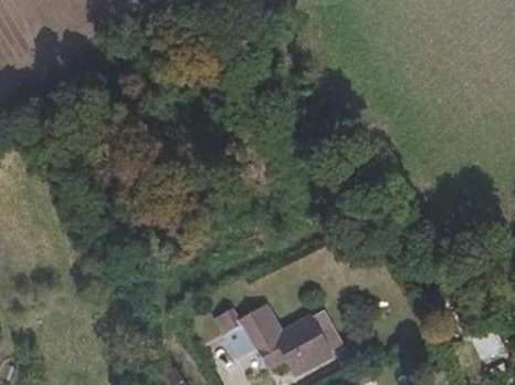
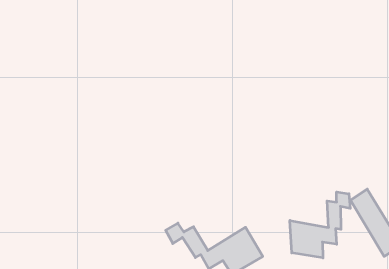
building: none -> [290,192,350,258]

